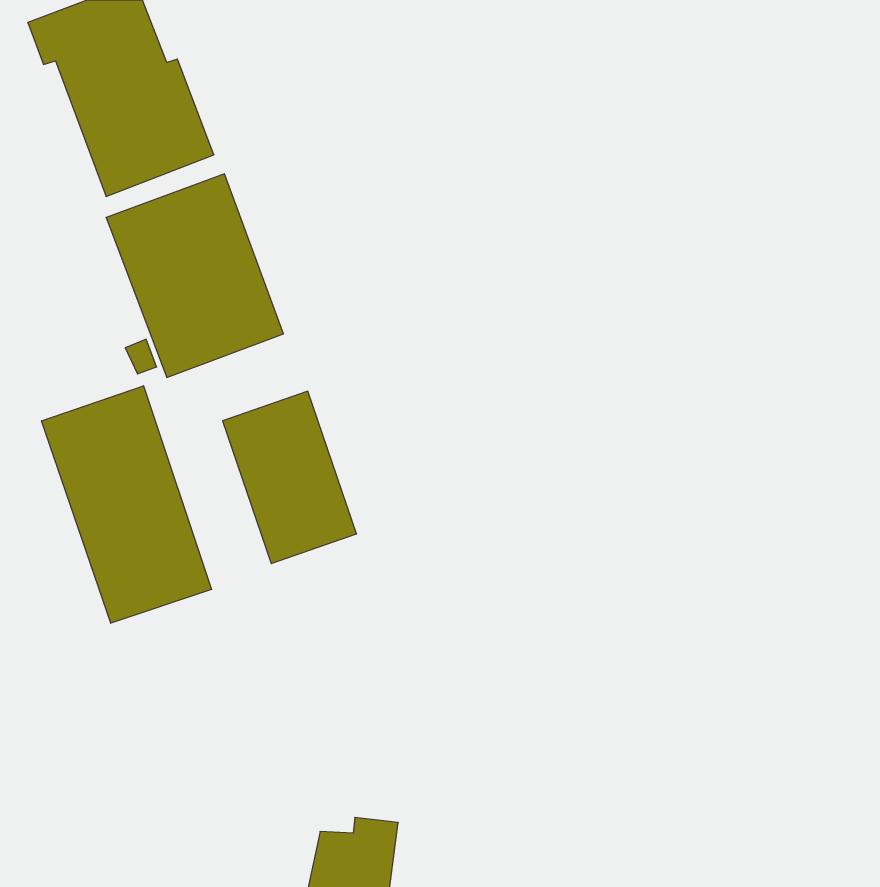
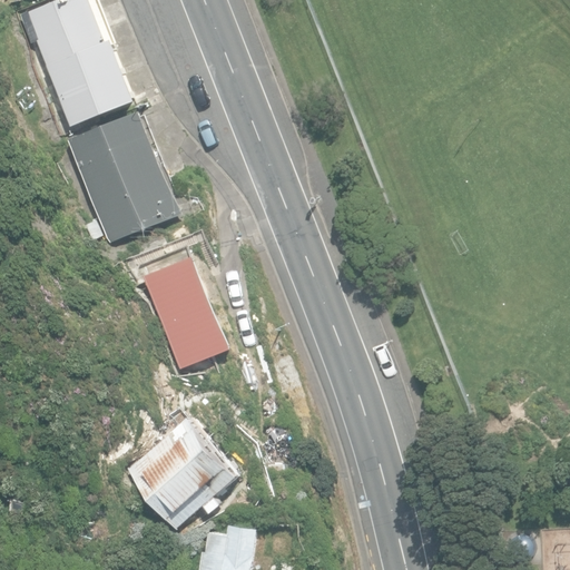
building: [42,386,212,623] -> none
building: none -> [125,415,238,529]

